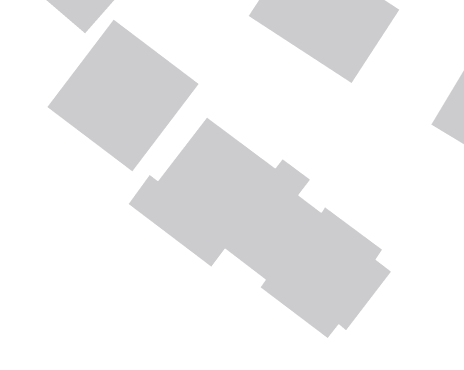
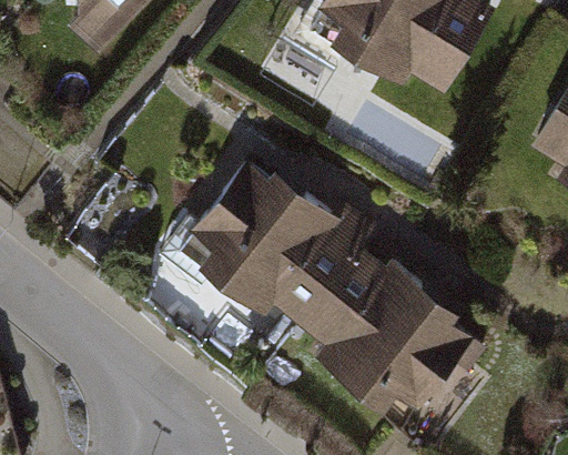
building: [46,18,200,173] -> none

